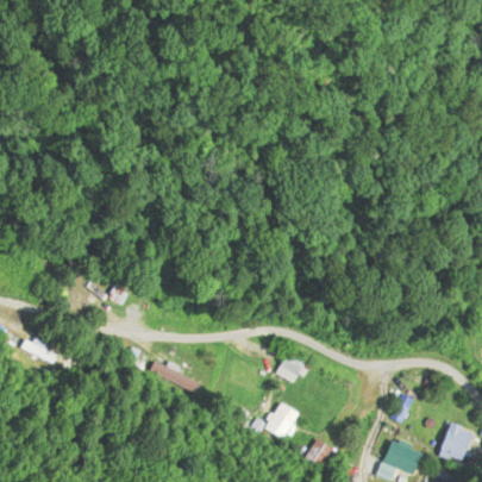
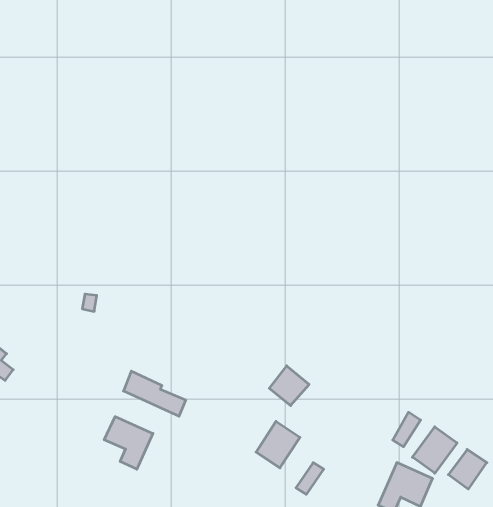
building: none -> [104,417,153,469]
building: none -> [412,427,457,473]

